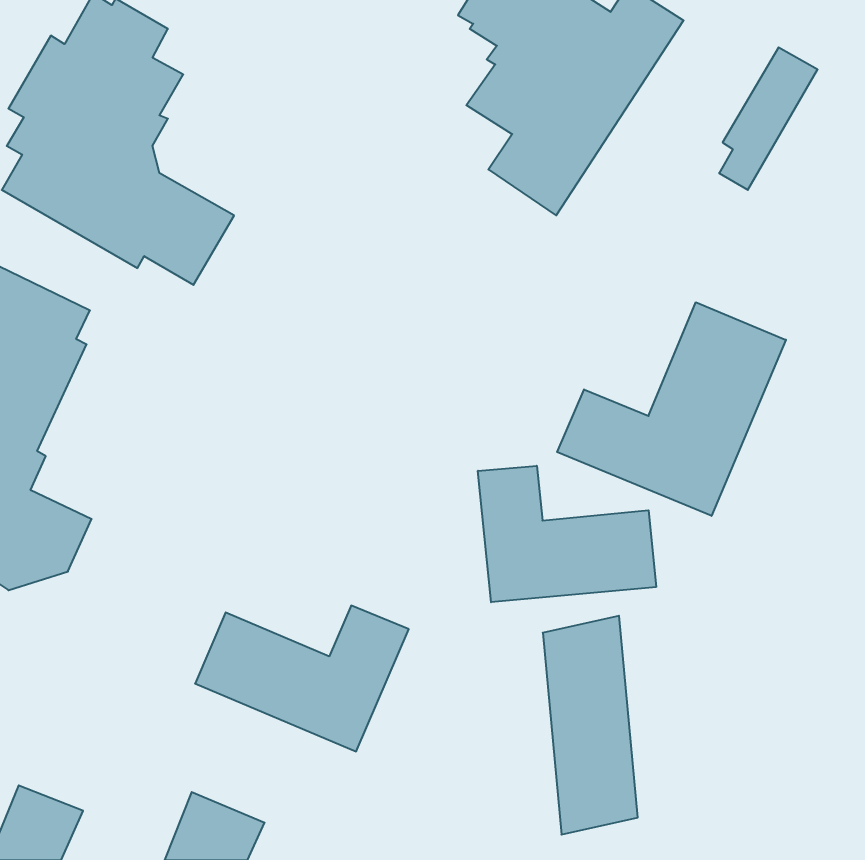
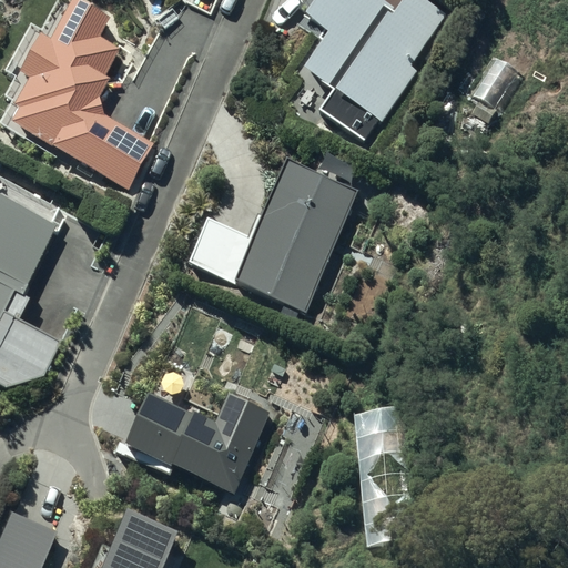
building: none -> [190,162,357,312]
building: [557,302,786,516] -> none
building: [478,466,656,602] -> none

